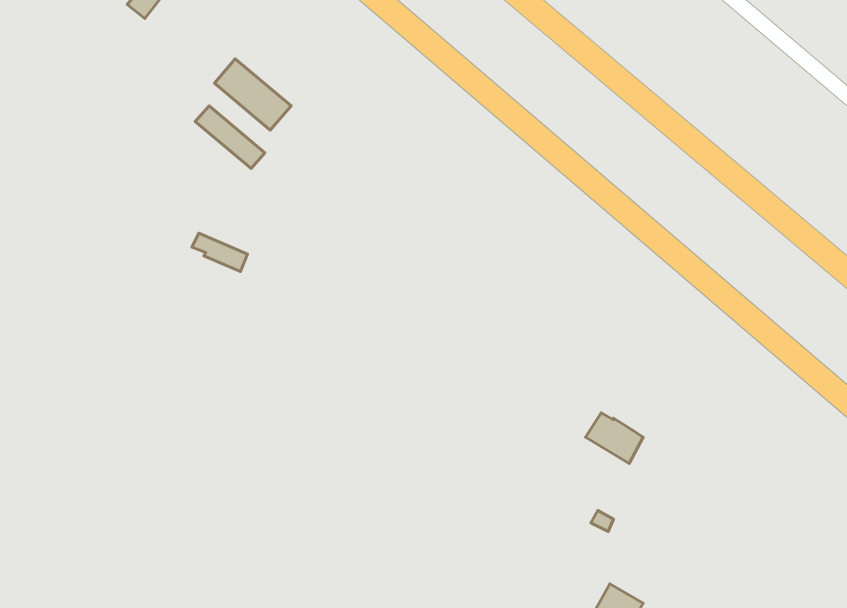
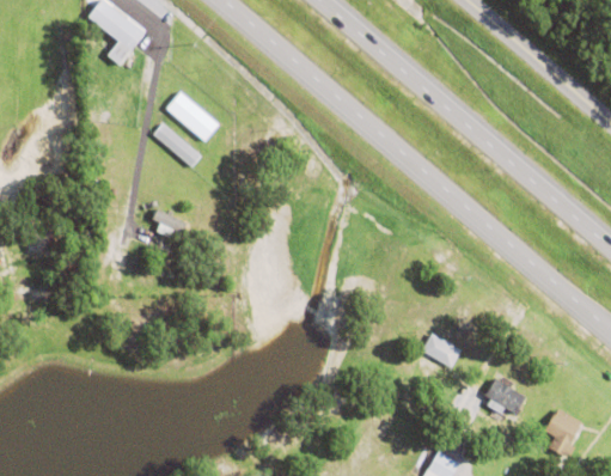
building: none -> [485,378,526,416]
building: none -> [544,409,581,457]

